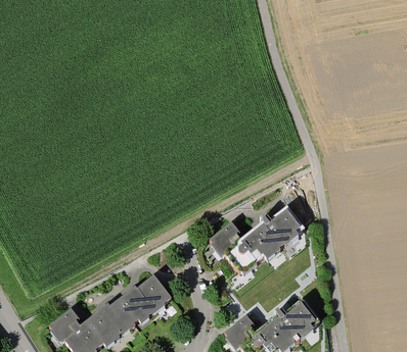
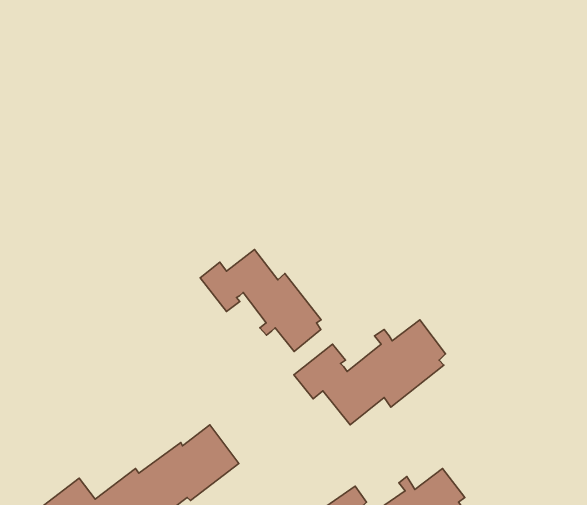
building: none -> [200,250,321,351]

